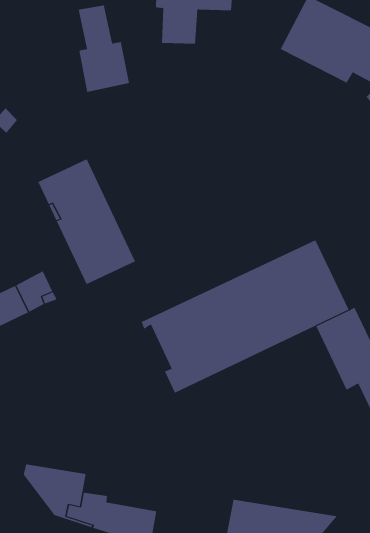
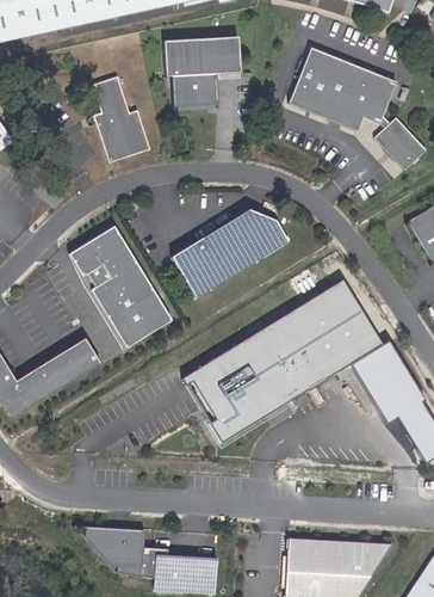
building: none -> [172,210,289,297]

